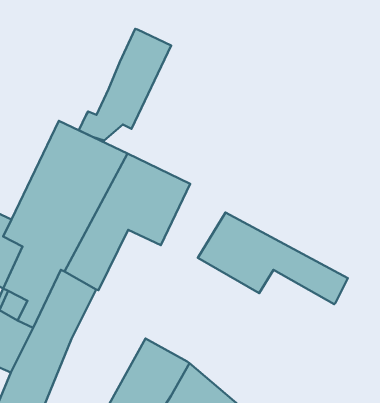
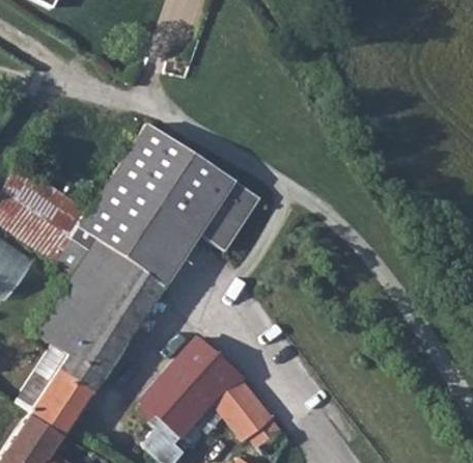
building: [79,29,171,140] -> none
building: [198,213,348,304] -> none

